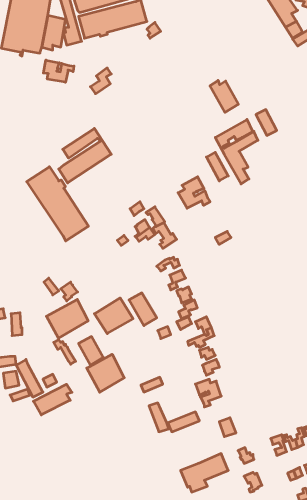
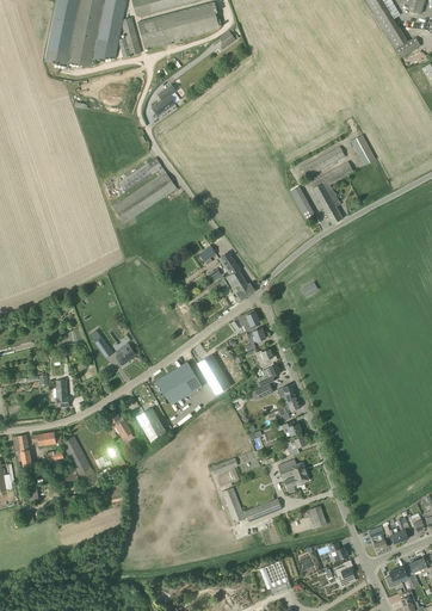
building: [43,60,74,82] -> none
building: [210,80,238,112] -> none
building: [27,167,88,241] -> none
building: [178,177,210,208] -> none
building: [46,299,88,338] -> none
building: [87,354,124,392] -> none
building: [33,384,72,415] -> none

